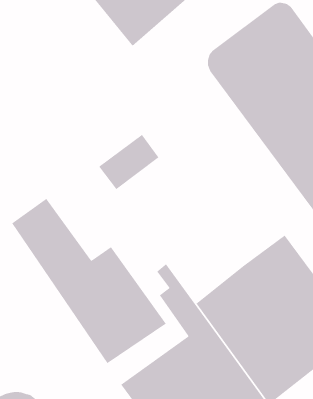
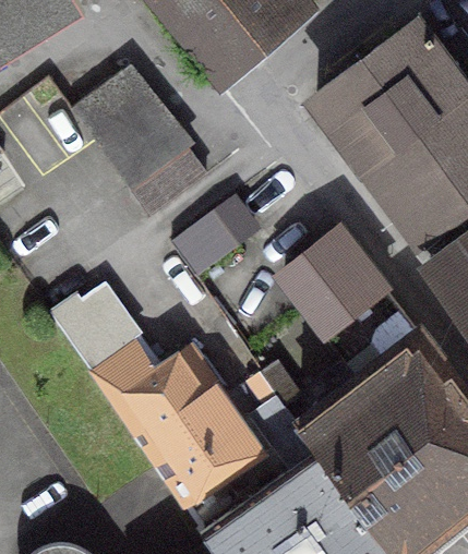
building: none -> [72,69,187,189]
building: none -> [286,227,421,373]

